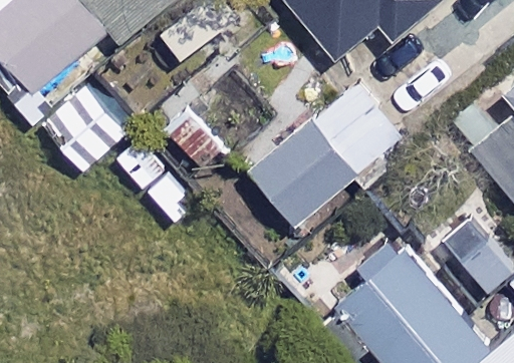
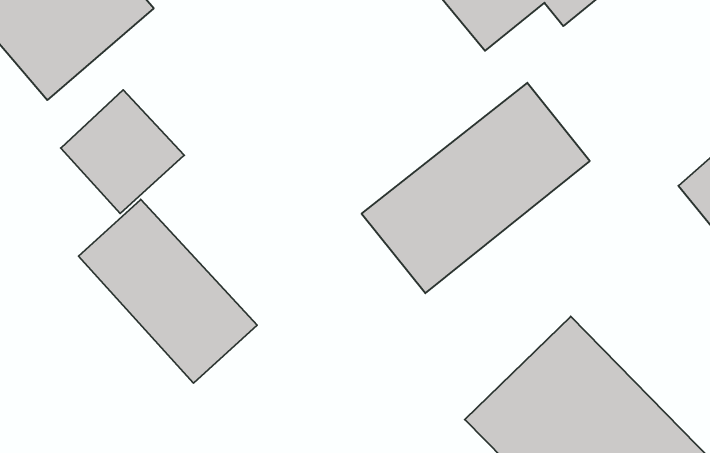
building: none -> [79,199,257,383]

